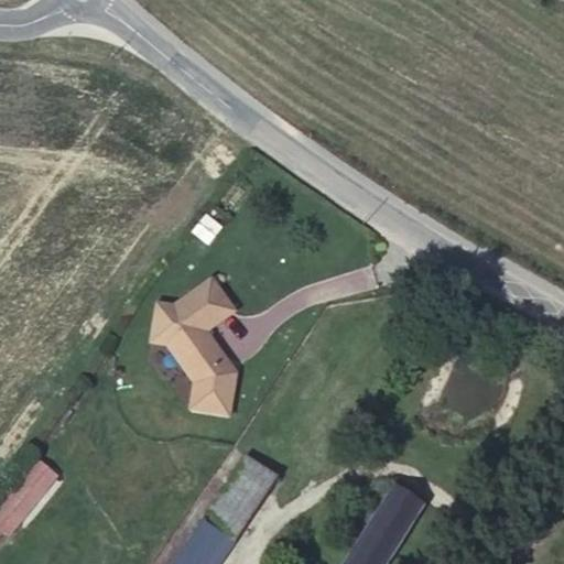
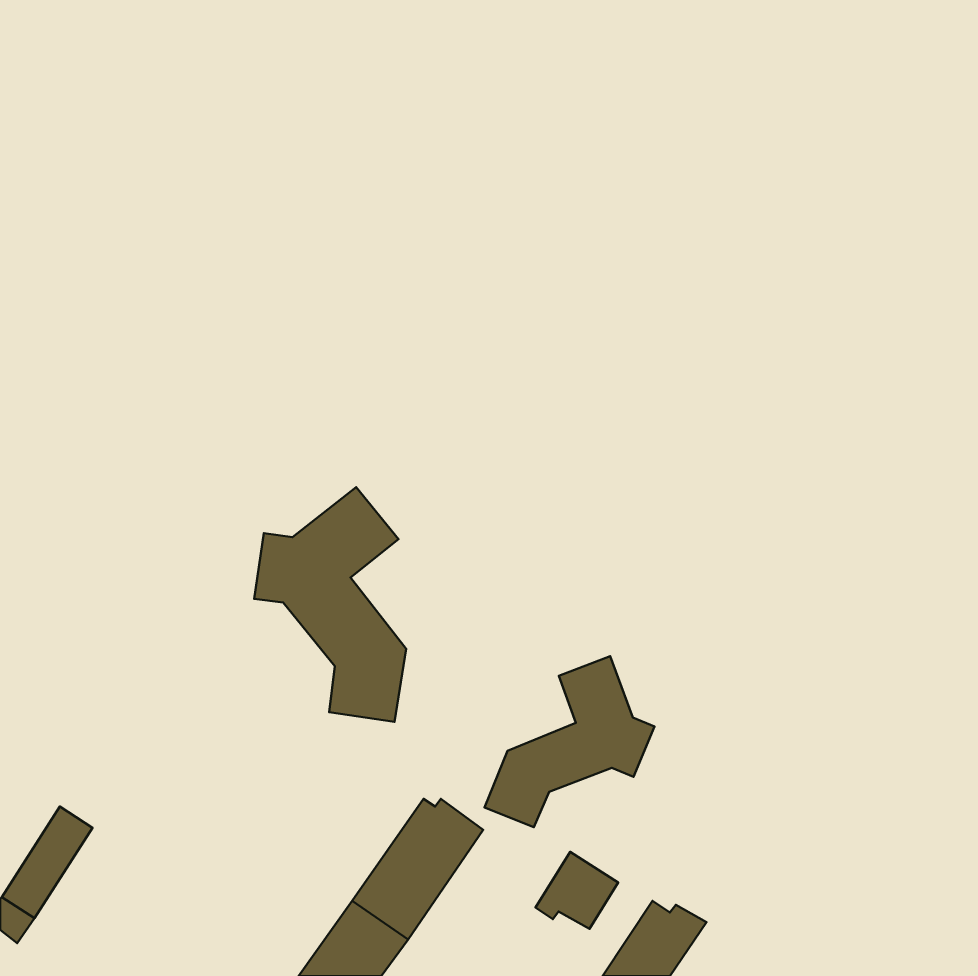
building: none -> [485,656,654,827]
building: [377,484,424,528] -> [535,852,618,929]

